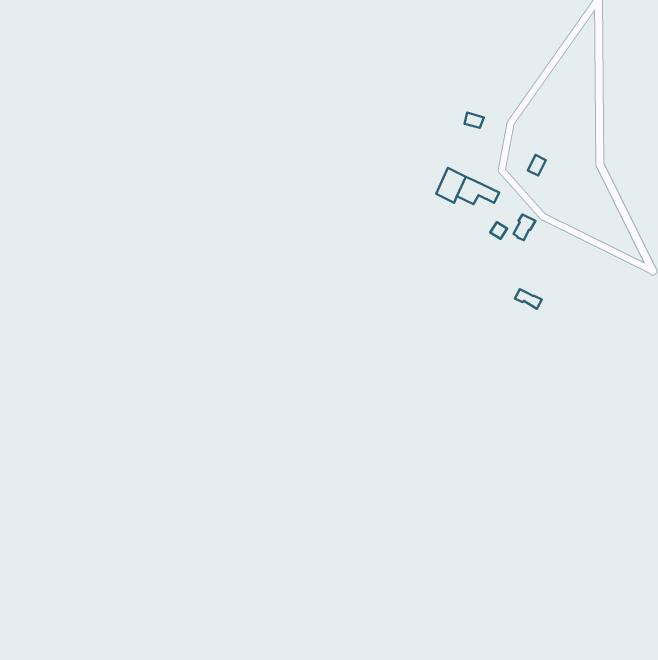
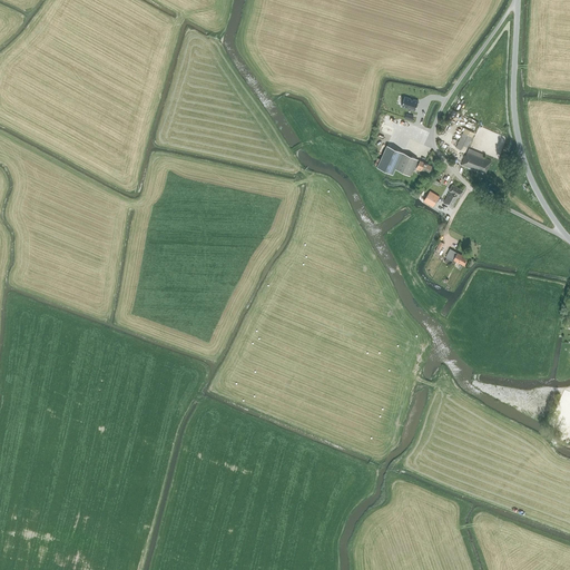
building: none -> [459,149,490,174]

